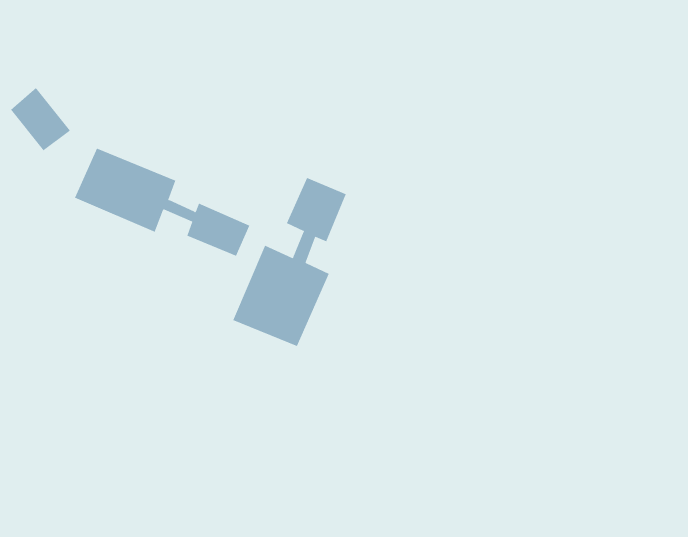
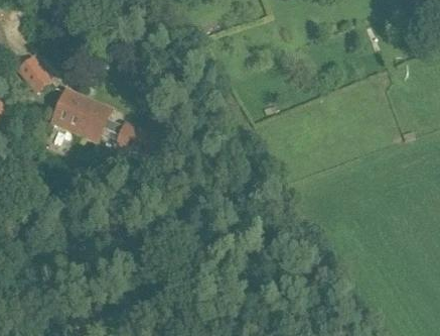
building: [233,177,347,347] -> none

